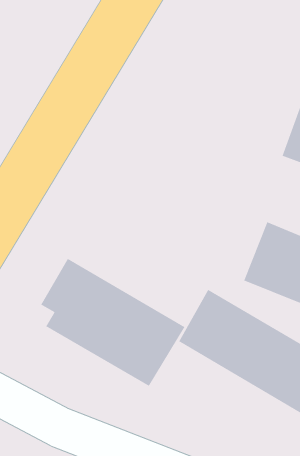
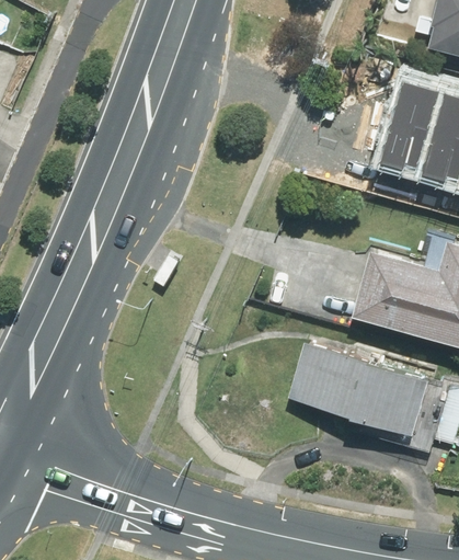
building: [40,258,185,387] -> none

